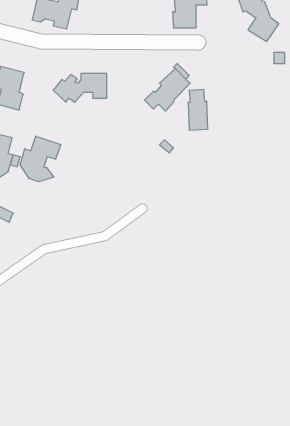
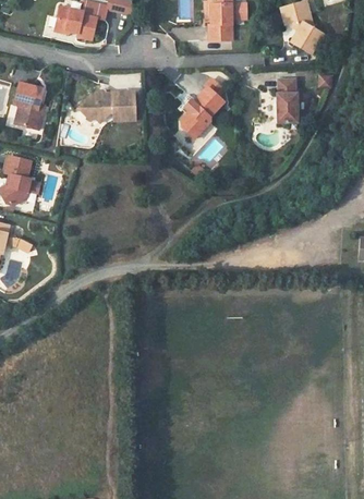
building: [188,90,208,130] -> [277,78,299,123]
building: [20,136,61,182] -> none

